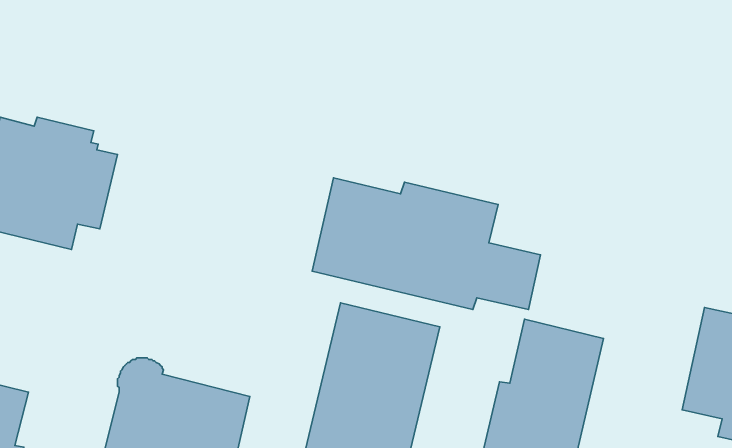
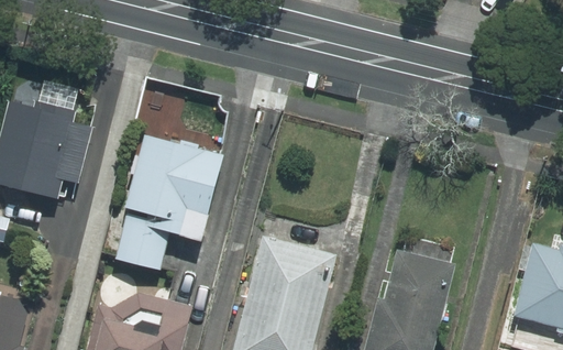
building: none -> [115,135,224,269]
building: [312,178,540,310] -> none

